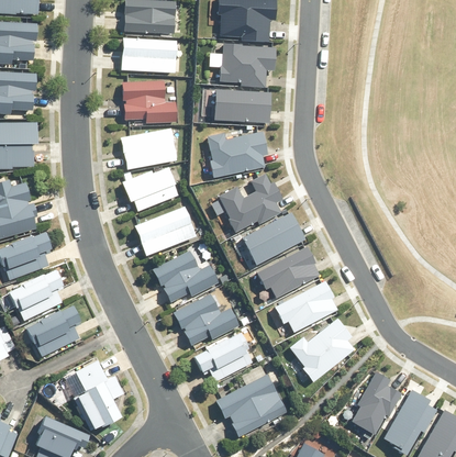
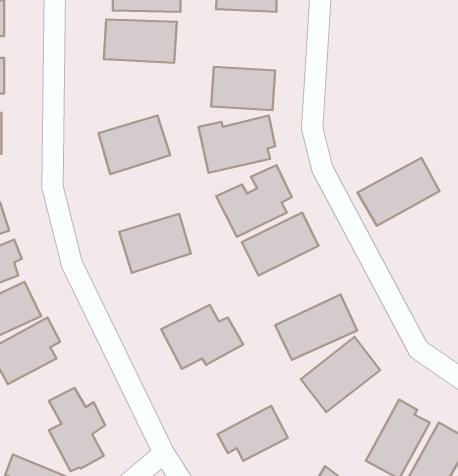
building: [221,42,277,81] -> none
building: [124,89,182,126] -> none
building: [122,171,179,218] -> none
building: [249,244,320,302] -> [358,158,439,226]
building: [154,250,215,301] -> none
building: [194,335,253,383] -> none

